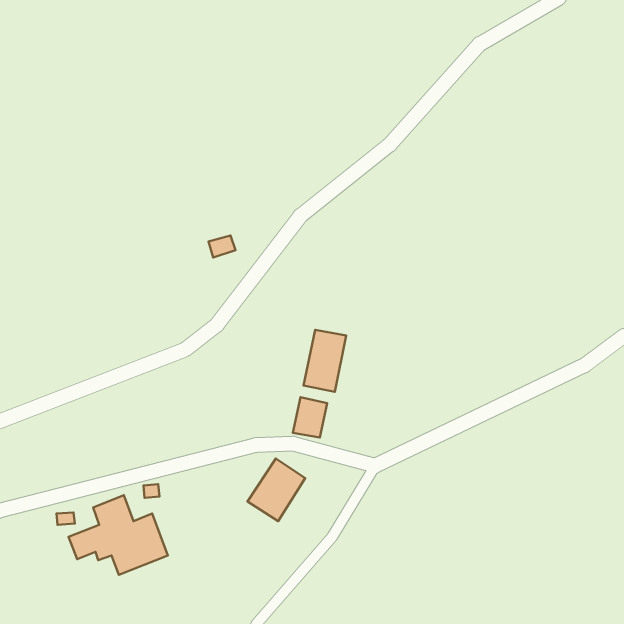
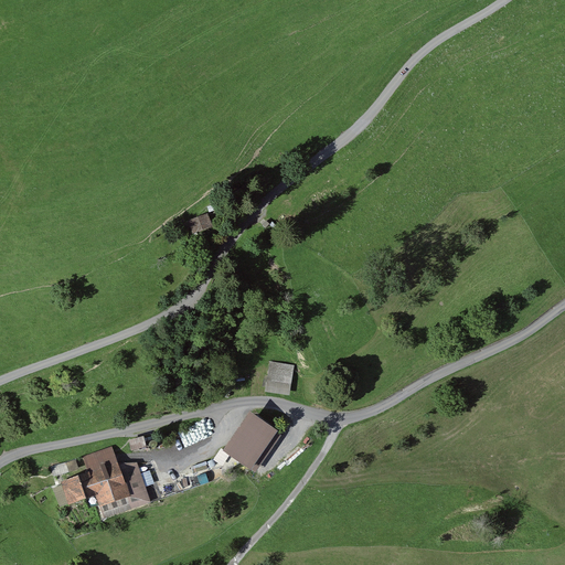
building: [303,330,346,392] -> none

